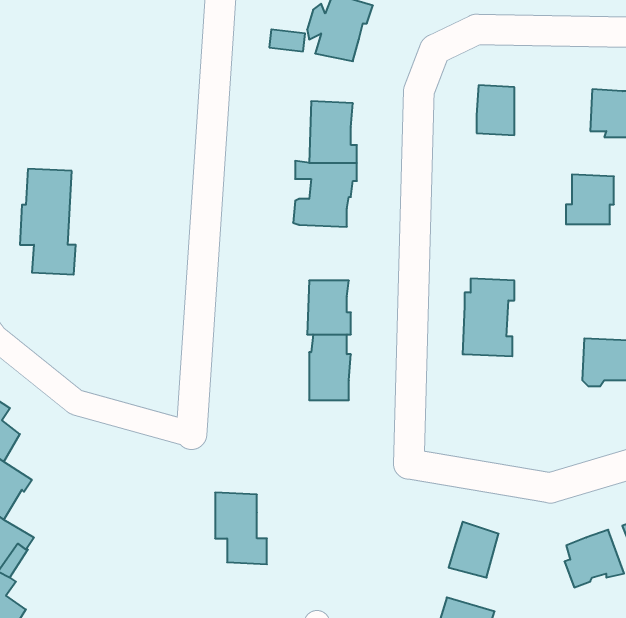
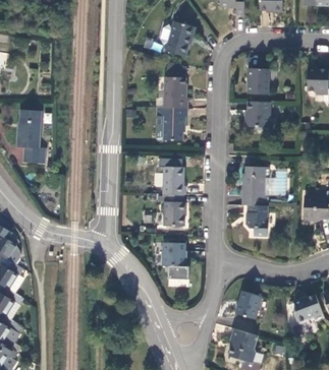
building: [566,174,614,224] -> [245,101,270,126]
building: none -> [242,205,267,236]
building: [215,493,267,564] -> [163,243,189,280]

